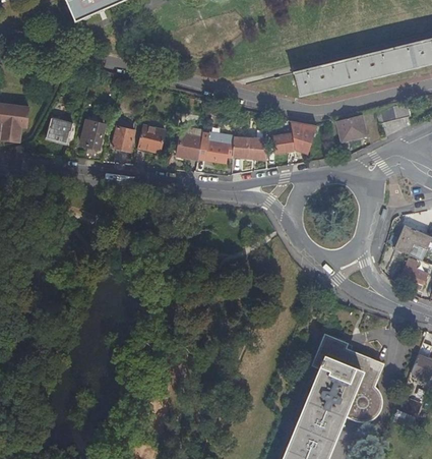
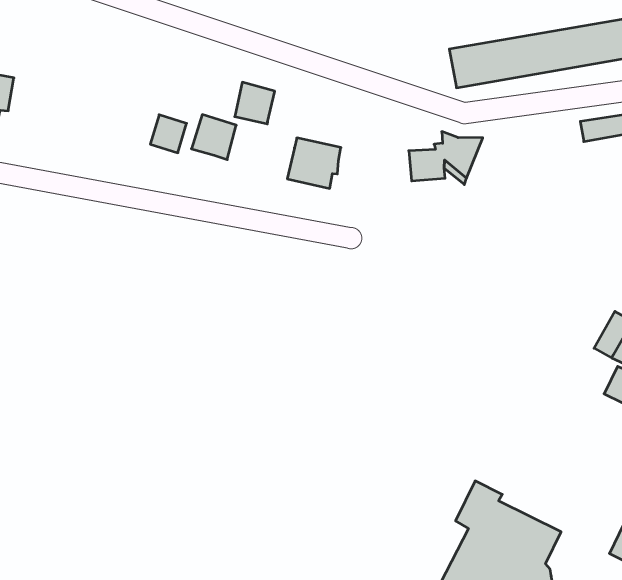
building: [337,117,366,142] -> none
building: [46,119,72,144] -> none
building: [82,121,105,161] -> none
building: [178,135,201,160] -> [235,82,275,124]
building: [232,138,266,159] -> none

